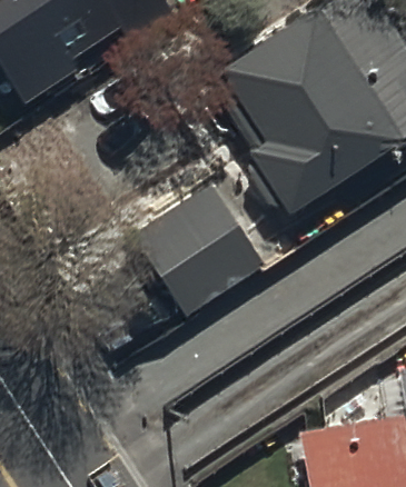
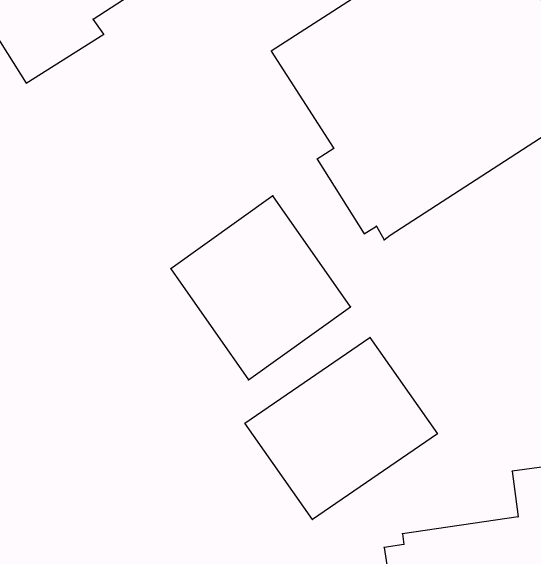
building: none -> [245,337,437,520]

